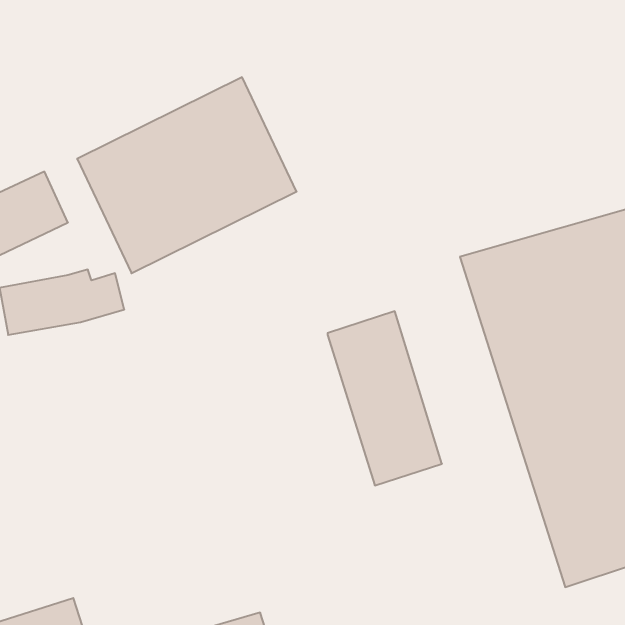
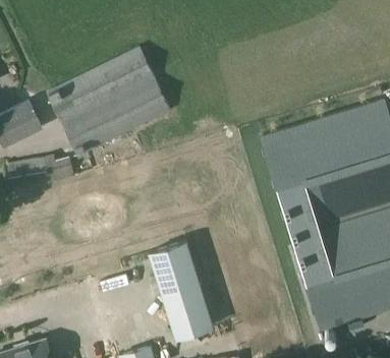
building: [328,311,442,485] -> [149,240,213,338]

